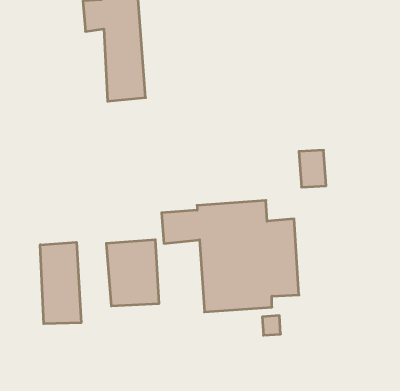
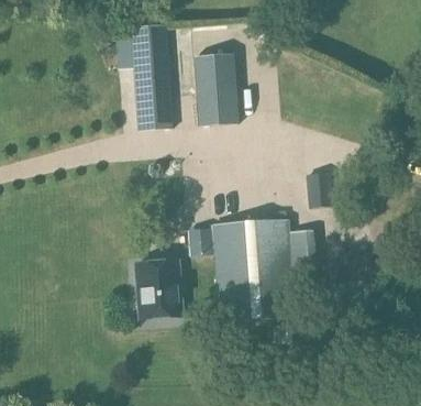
building: none -> [192,53,237,127]
building: [40,242,81,324] -> none

